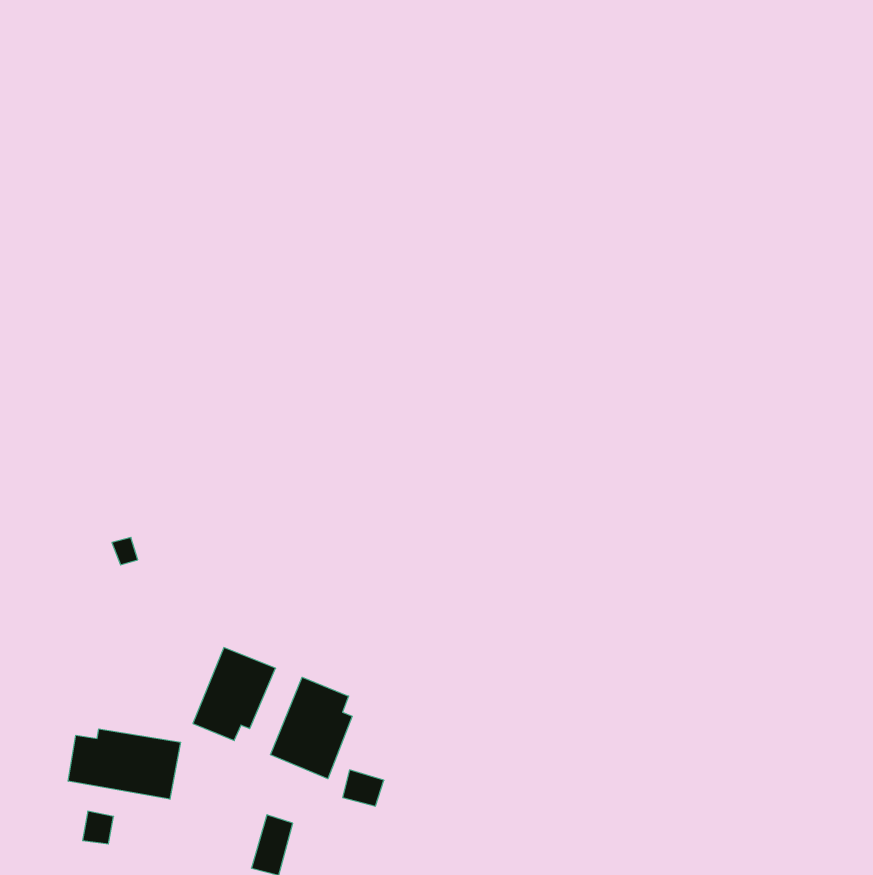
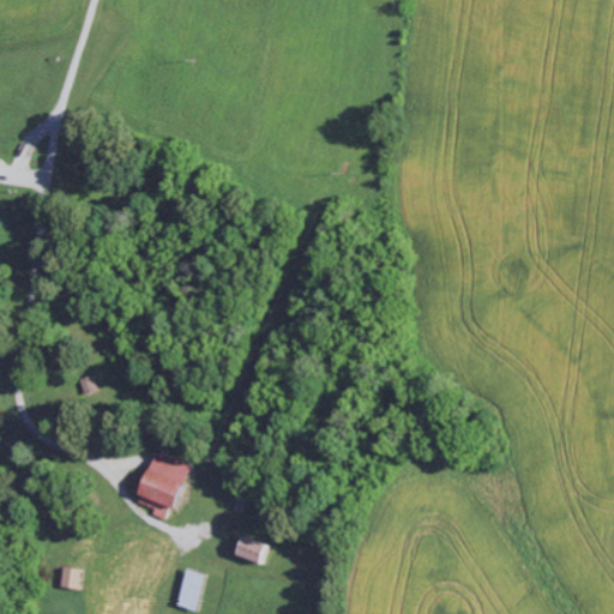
building: [270,677,352,779] -> none
building: [68,729,181,799] -> none

